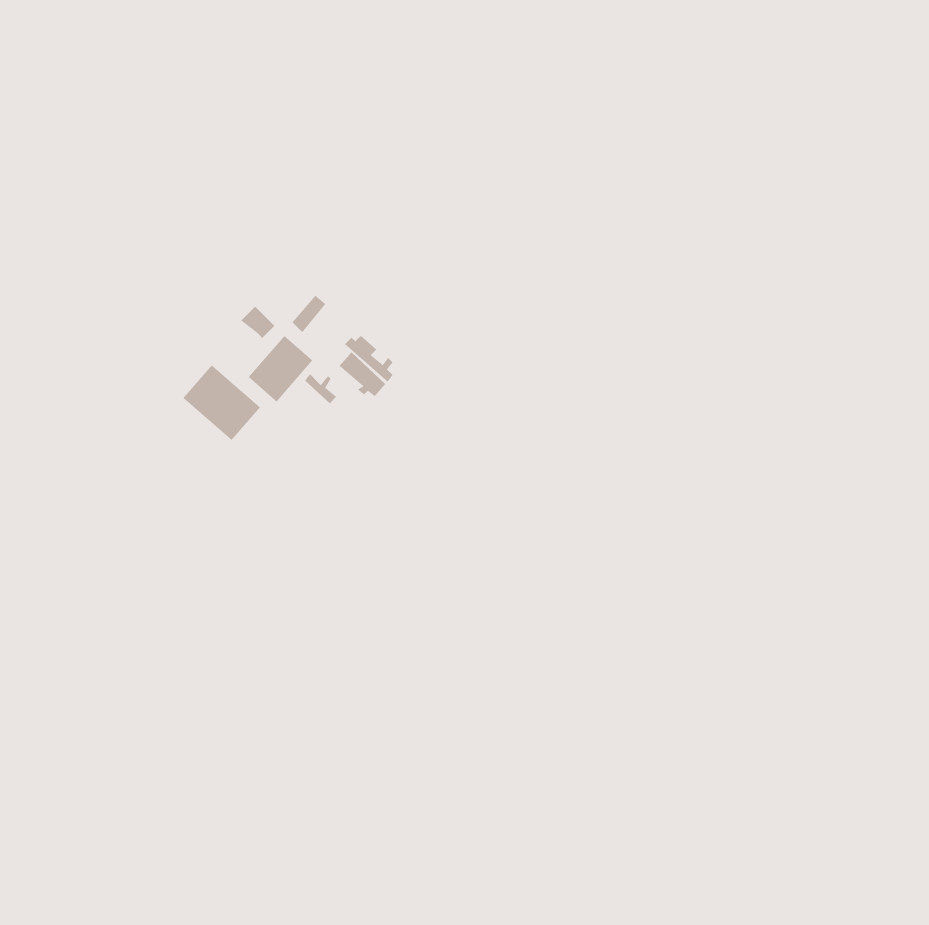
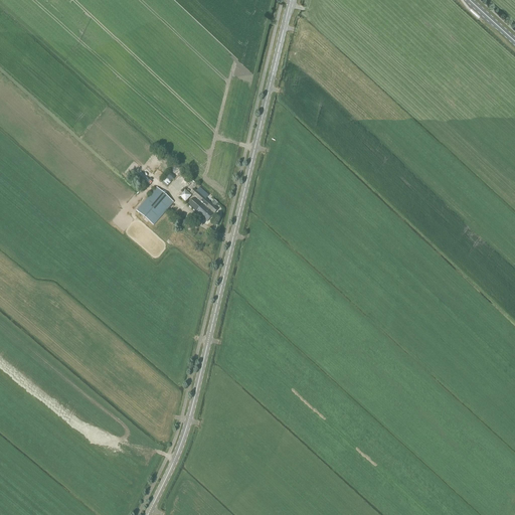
building: [183,365,261,441] -> none

